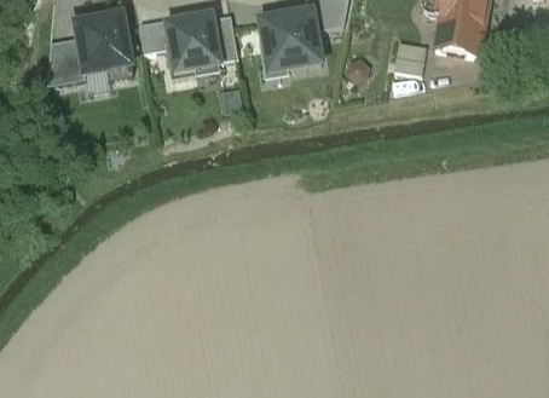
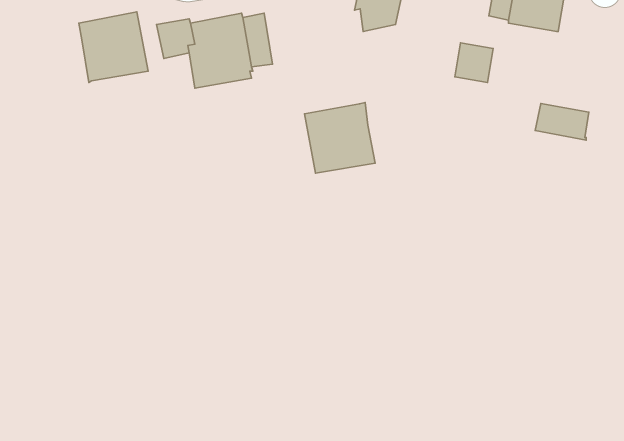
building: [261,11,322,71] -> [304,102,375,173]
building: [435,23,481,54] -> [535,104,589,140]
building: [46,38,83,85] -> none

